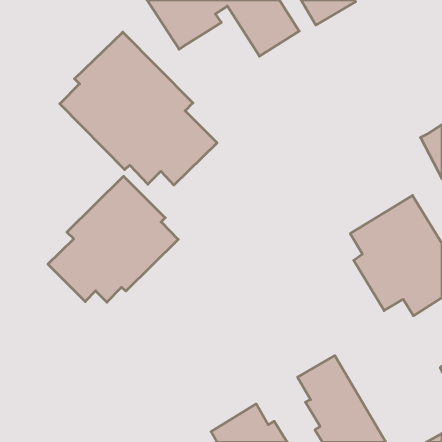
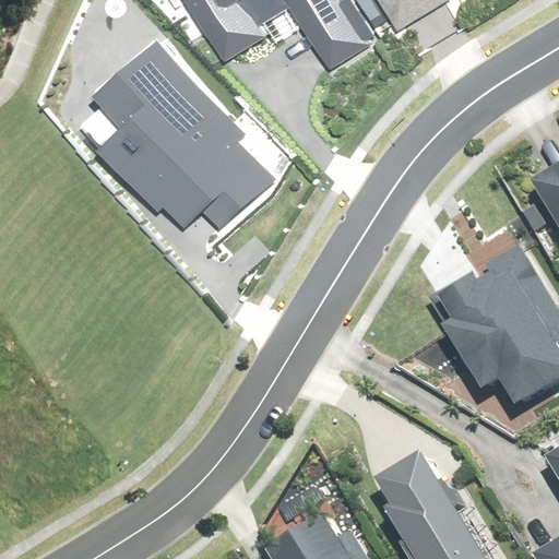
building: [48,176,178,302] -> none

